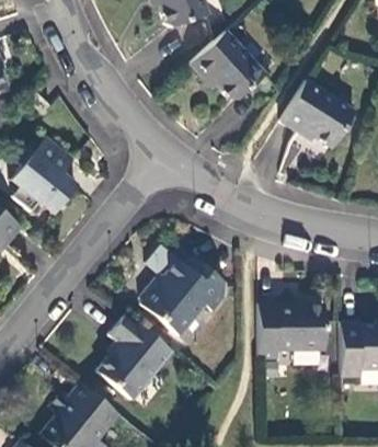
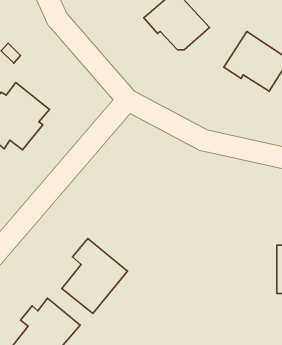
building: [139,255,226,335] -> none
building: [259,302,324,357] -> none

